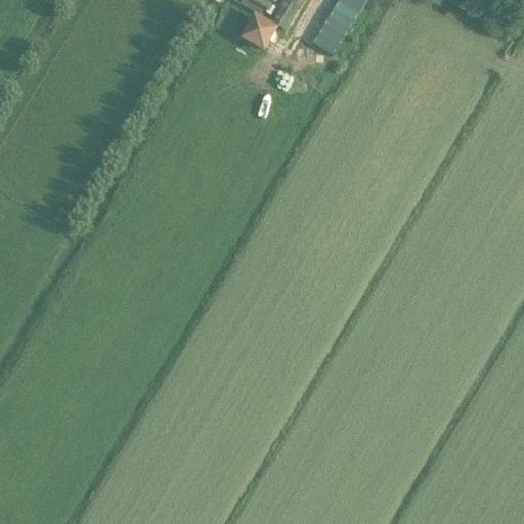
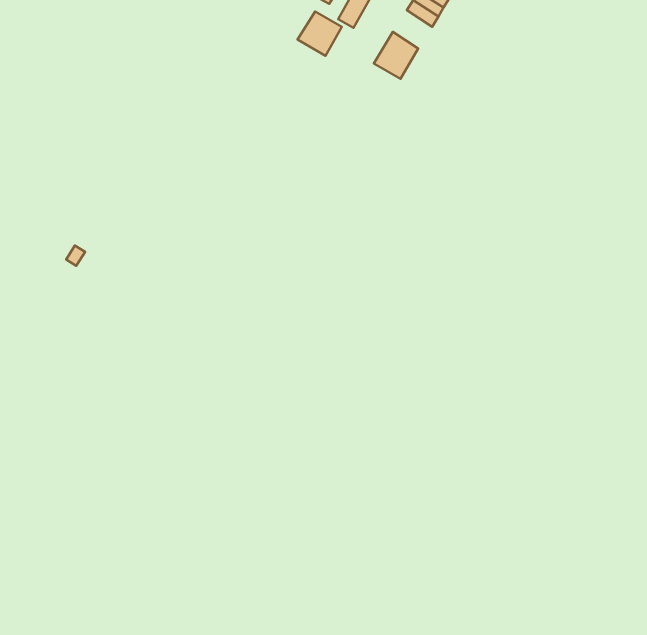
building: [318,8,350,39] -> none

